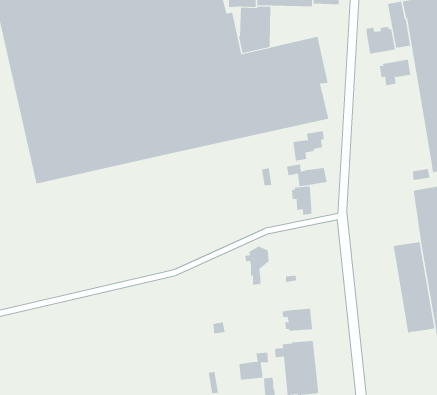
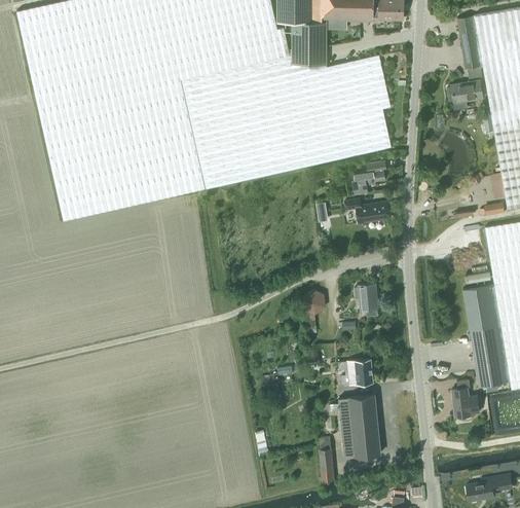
building: [366,26,396,55] -> none
building: [291,186,312,215] -> [354,283,377,316]
building: none -> [451,379,479,418]
building: [239,352,269,381] -> none

